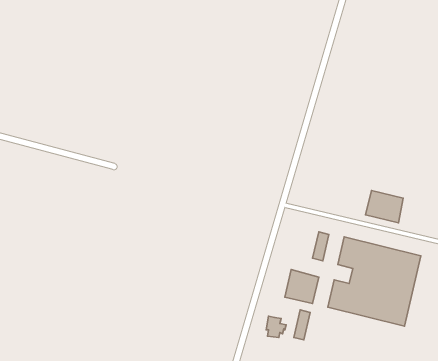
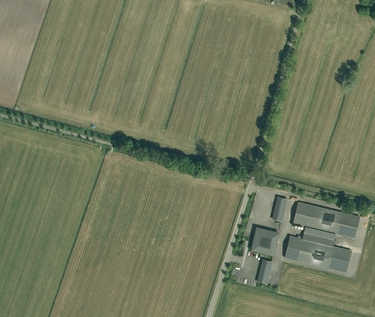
building: [366,191,403,223] -> none

